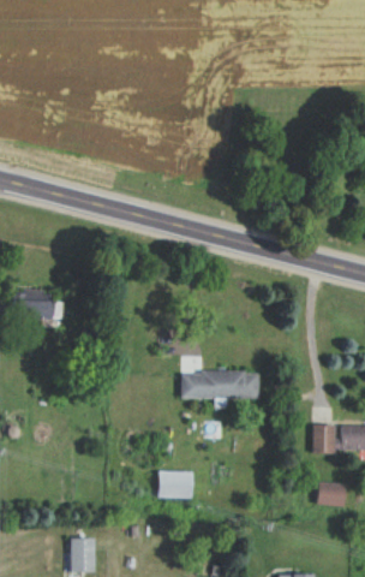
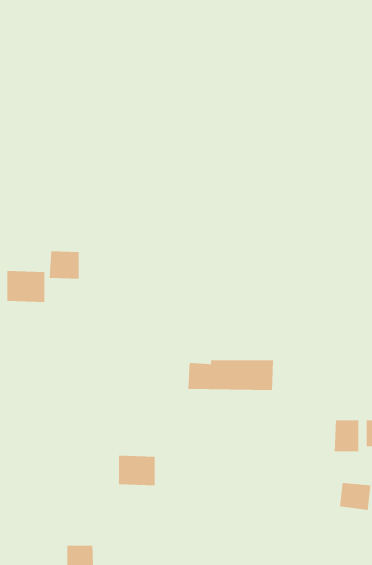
building: none -> [49,251,79,279]
building: [158,471,192,499] -> [118,455,156,486]

